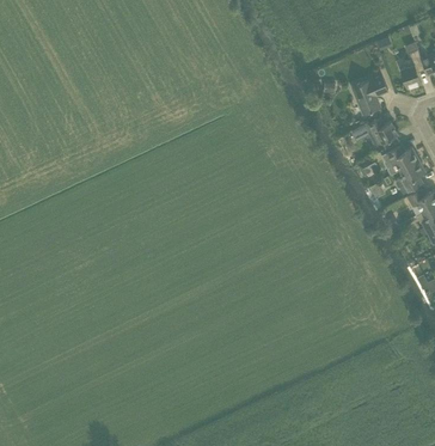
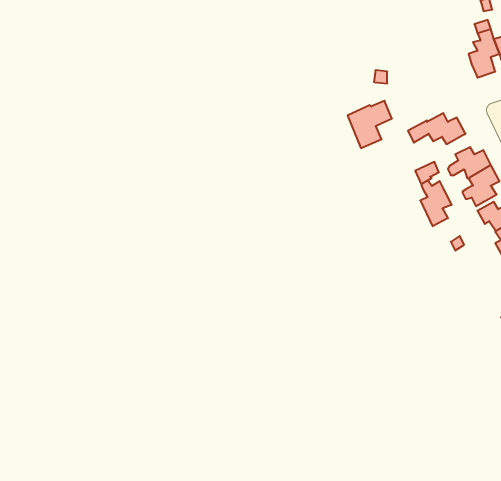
building: [351,74,387,112] -> [348,101,392,148]
building: none -> [420,181,452,226]

